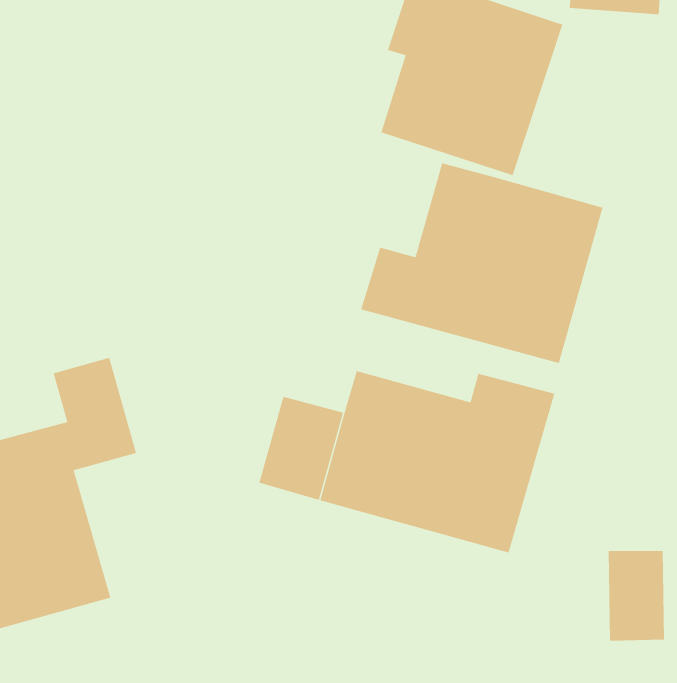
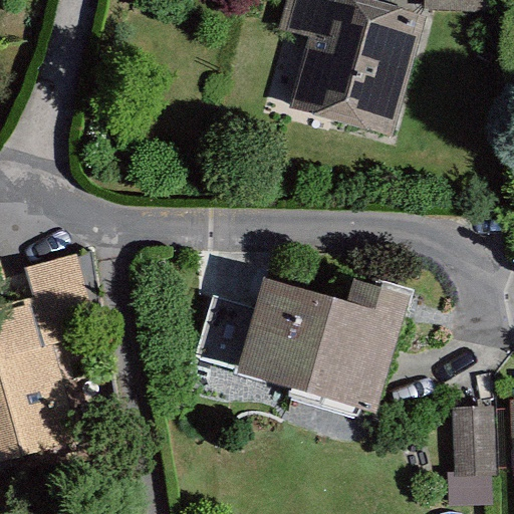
building: [361,163,603,364] -> none

